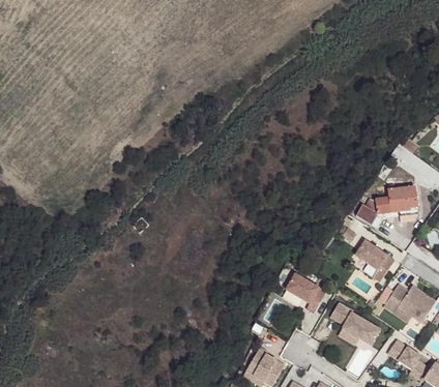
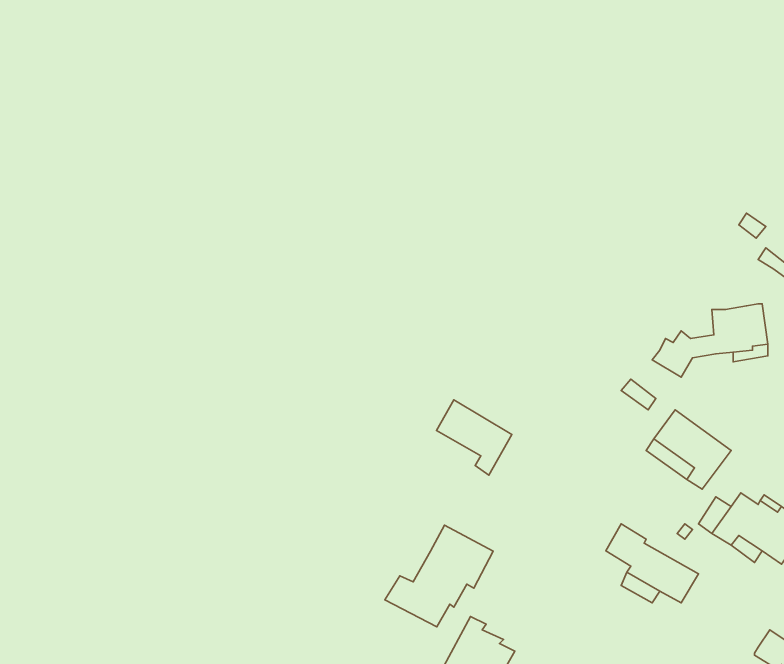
building: [286,274,326,315] -> [437,400,512,475]
building: none -> [385,525,493,627]
building: [387,338,420,367] -> none

